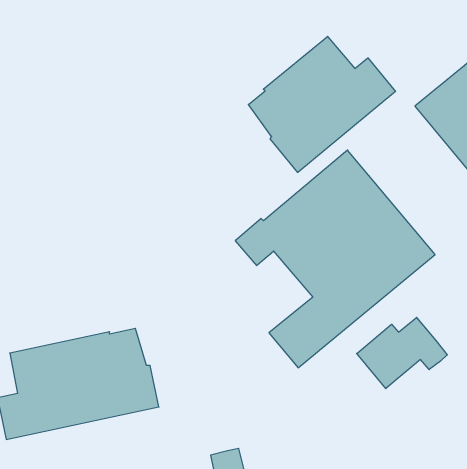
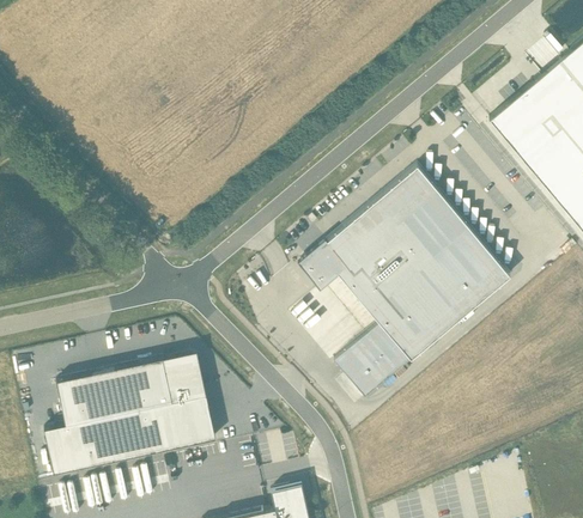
building: [248,36,396,172] -> none
building: [357,317,447,389] -> none

